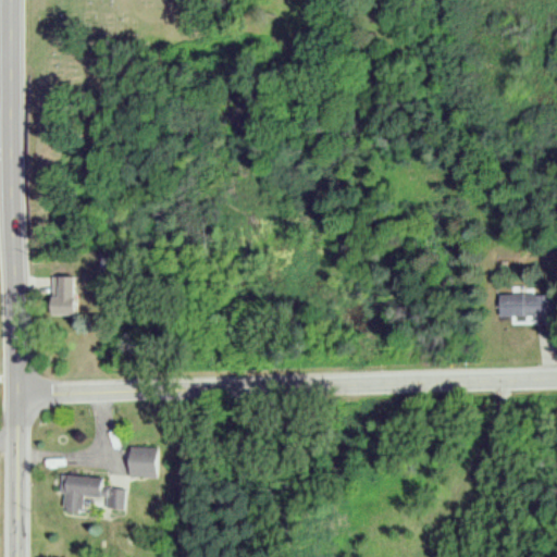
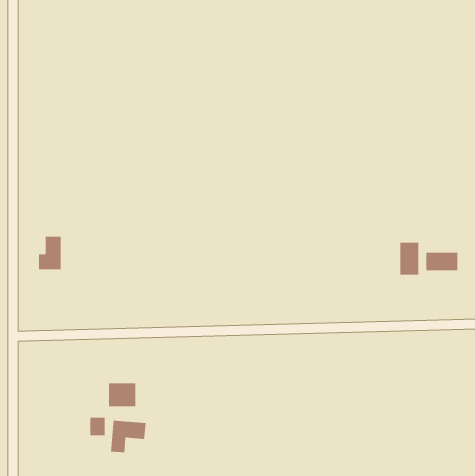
building: none -> [400,242,419,275]
building: [60,474,102,512] -> [110,420,147,453]

